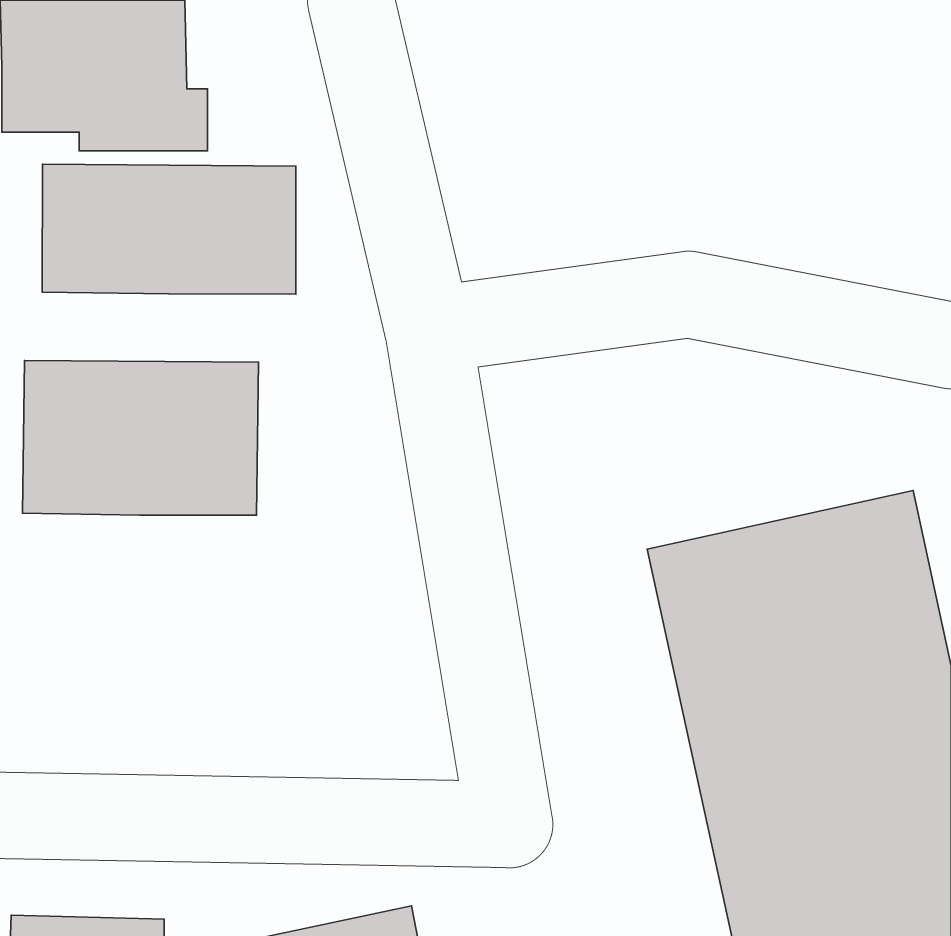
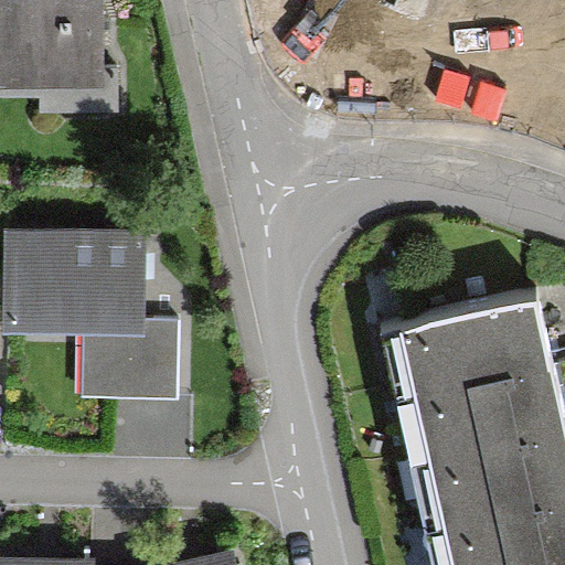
building: [42,164,296,294] -> none
building: none -> [81,318,180,398]

